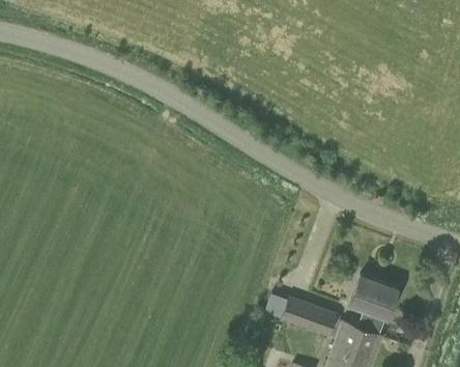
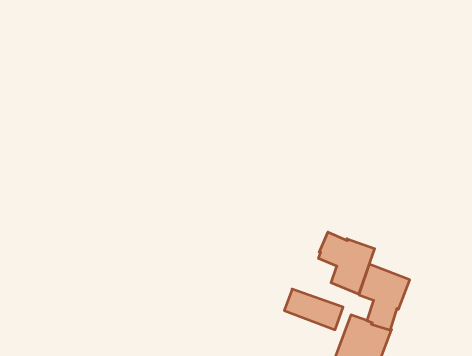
building: none -> [319,232,375,294]

